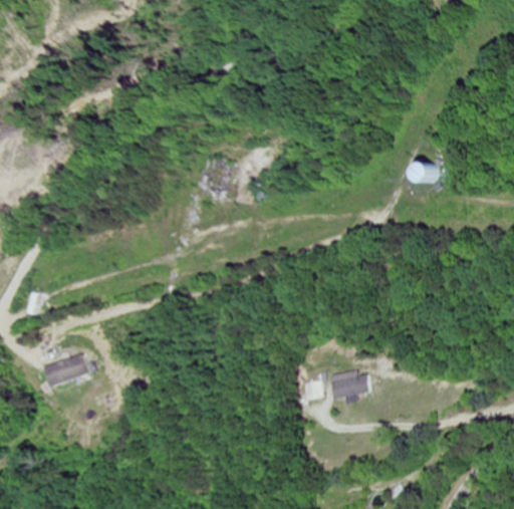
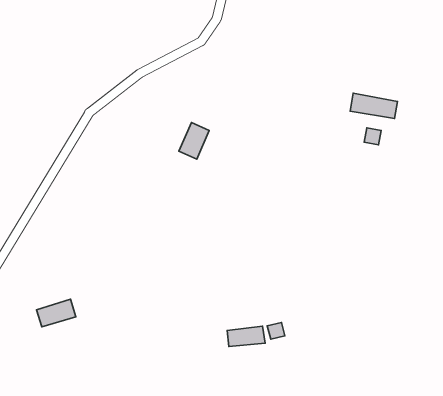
building: none -> [350,93,398,119]
building: [329,373,372,397] -> [227,326,265,347]

